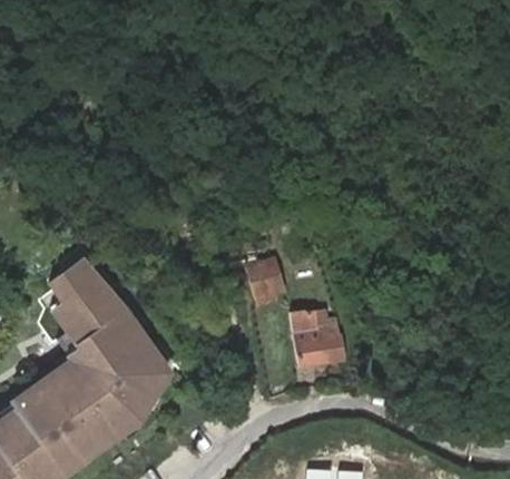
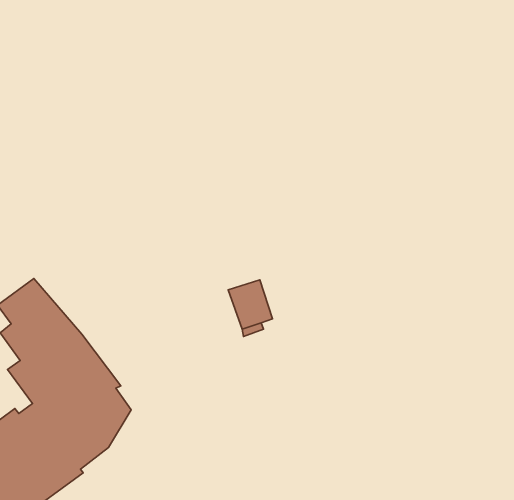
building: [296,311,352,369] -> none

